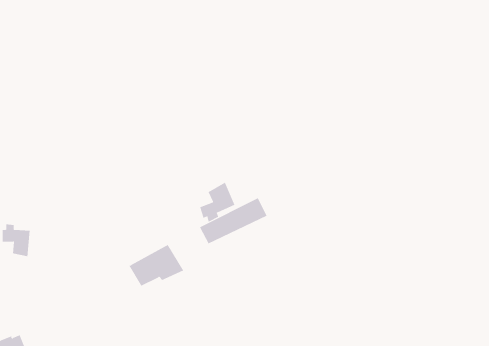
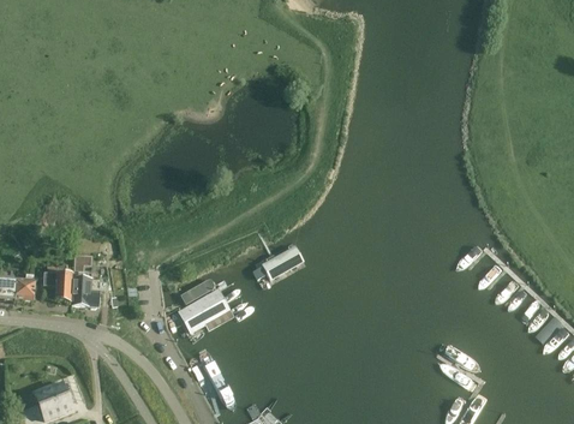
building: [199,182,235,222] -> none
building: none -> [71,255,100,306]

